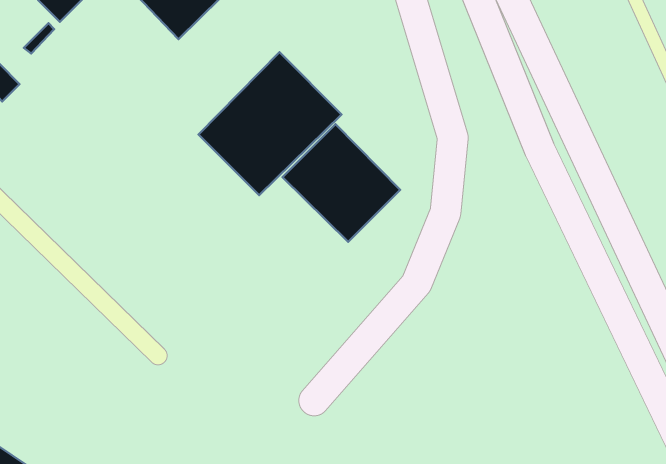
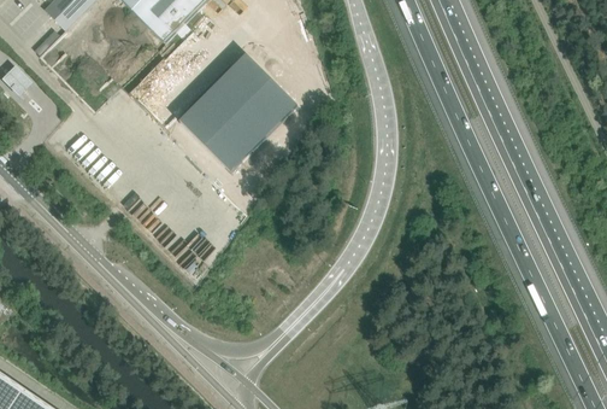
building: [283,124,400,242] -> none

